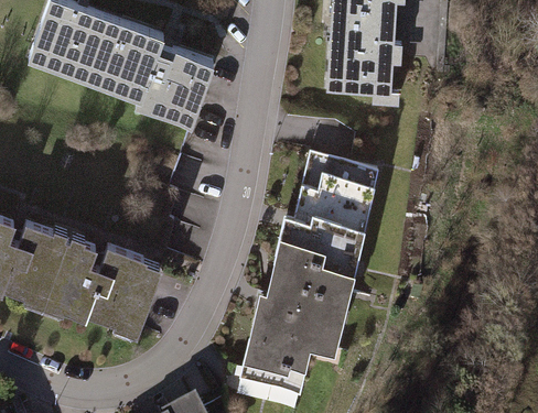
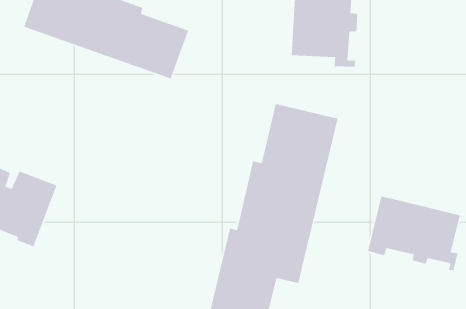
building: [42,237,164,337] -> none
building: none -> [367,195,461,271]

